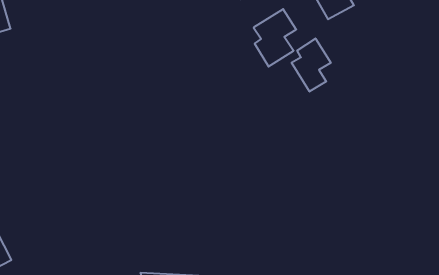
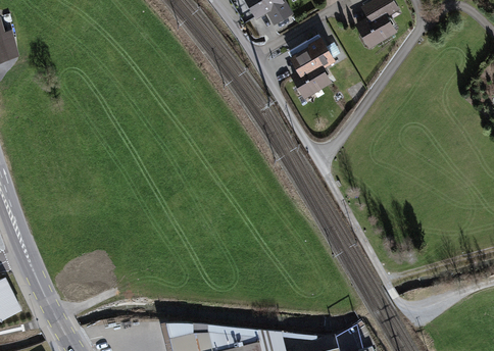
building: [292,38,331,92] -> none

